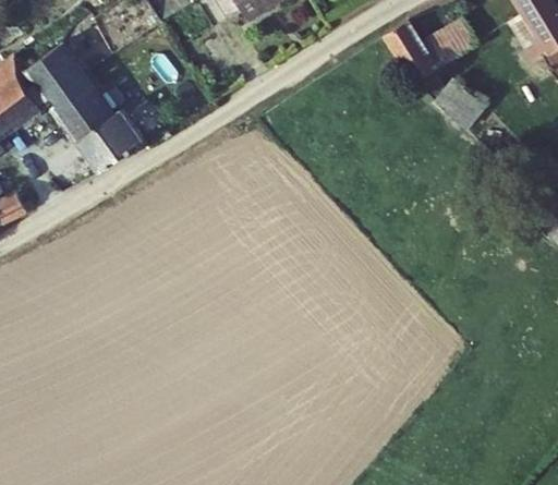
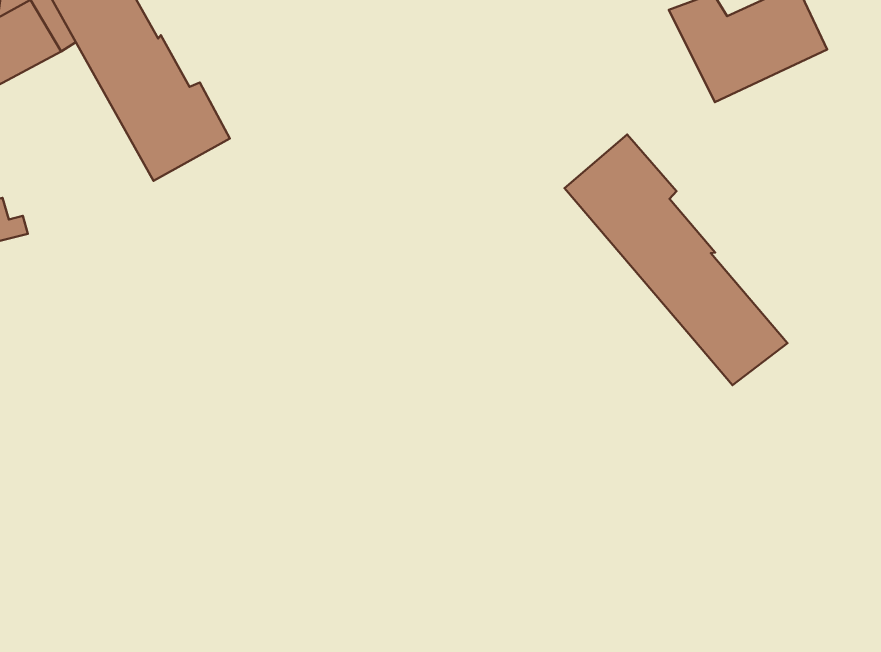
building: [438,80,487,124] -> none
building: none -> [565,134,788,385]

